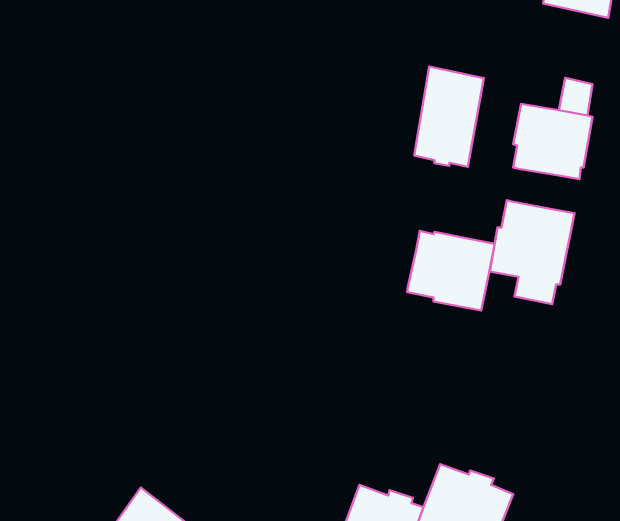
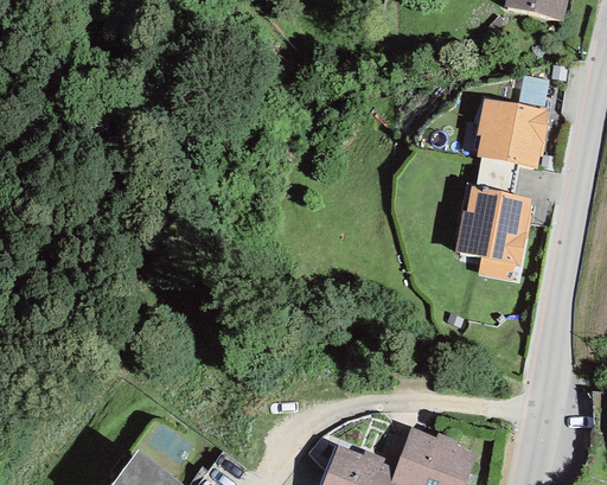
building: [414,66,484,167] -> none
building: none -> [475,159,518,196]
building: [407,231,494,310] -> none

